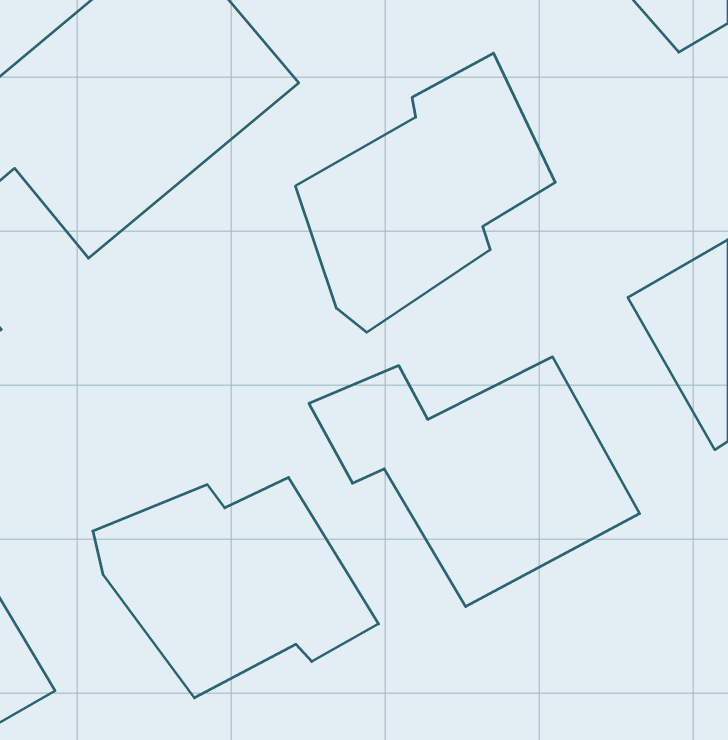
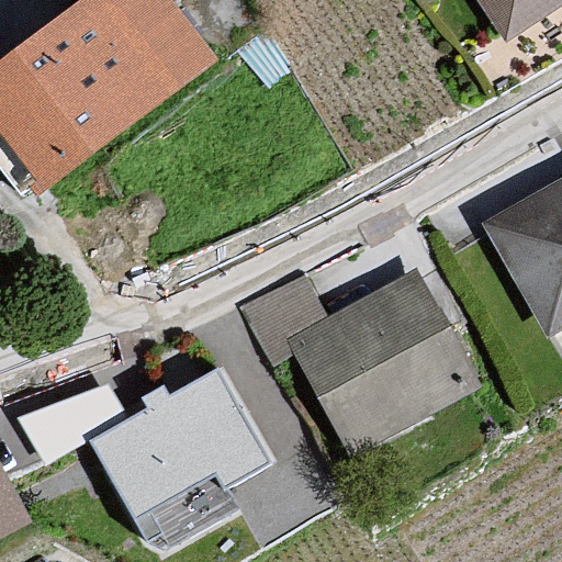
building: [296,53,555,332] -> none

